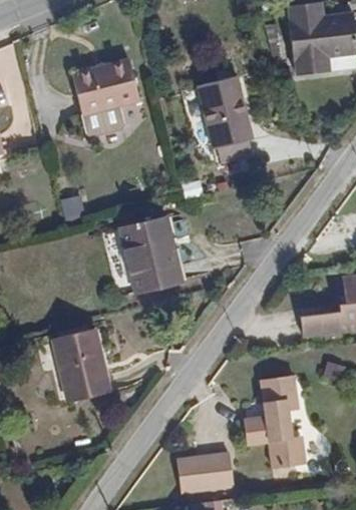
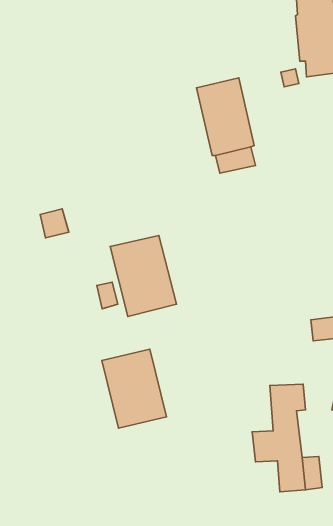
building: [73,69,138,122] -> none
building: [53,340,111,411] -> [102,349,166,428]
building: [182,444,238,482] -> none

